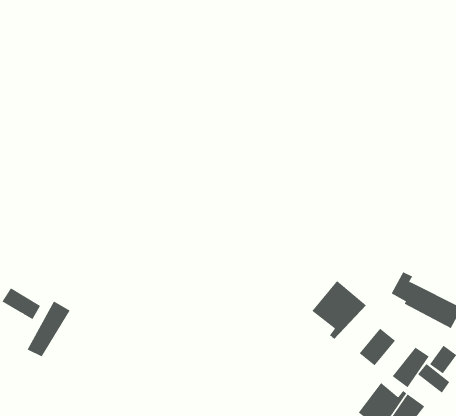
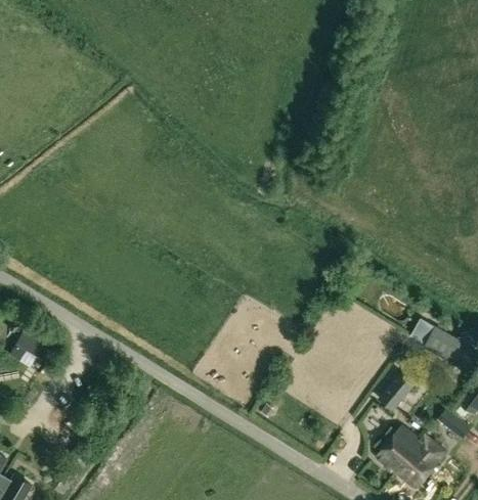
building: [312,280,367,340] -> none
building: [27,300,71,357] -> none
building: [392,347,430,388] -> none

